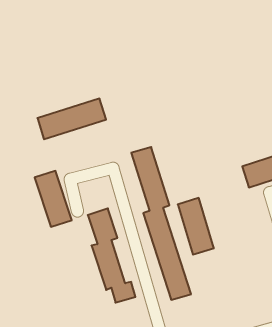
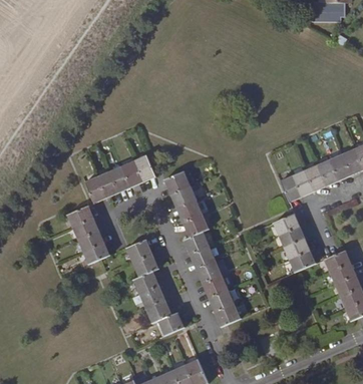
building: [37,99,106,139] -> [84,154,155,203]
building: [178,198,214,255] -> [273,213,315,272]

